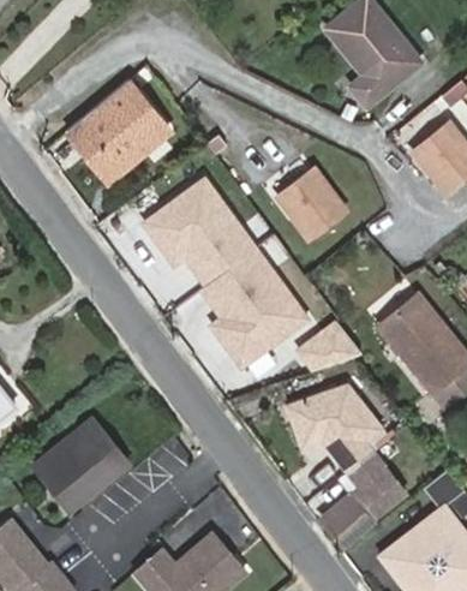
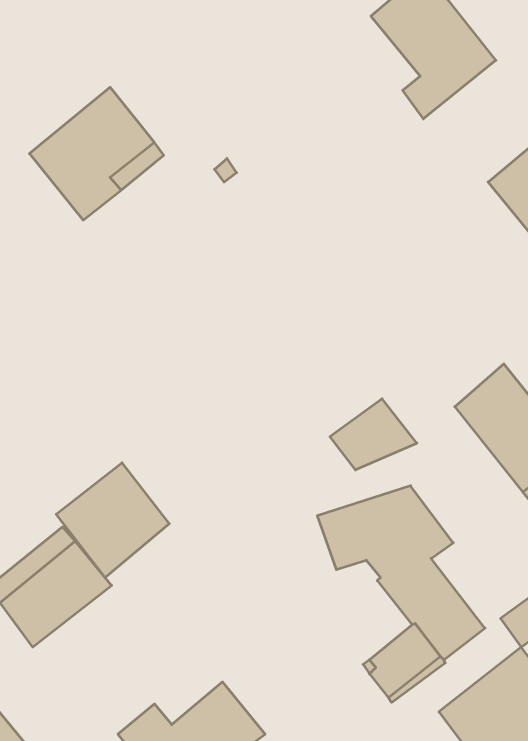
building: [274,165,342,235] -> none
building: [137,175,309,368] -> none
building: none -> [56,463,169,577]

